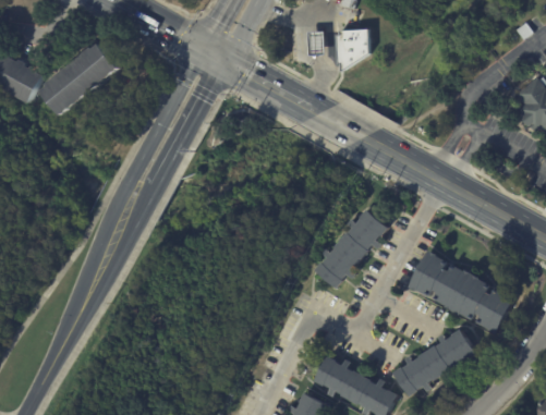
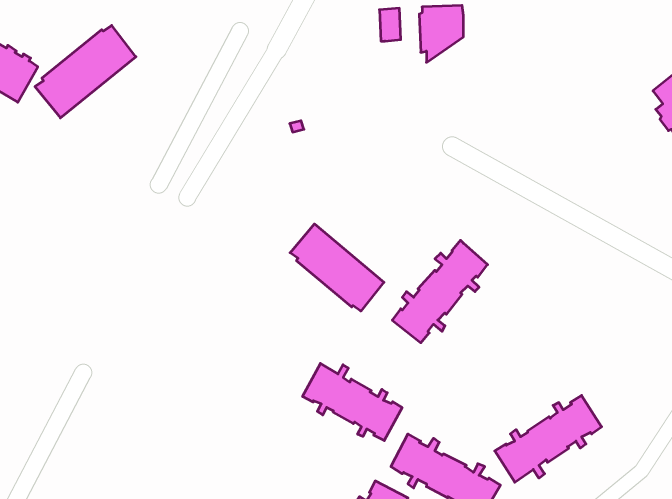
building: none -> [290,224,384,311]
building: [409,248,514,333] -> none
building: none -> [303,363,402,441]

